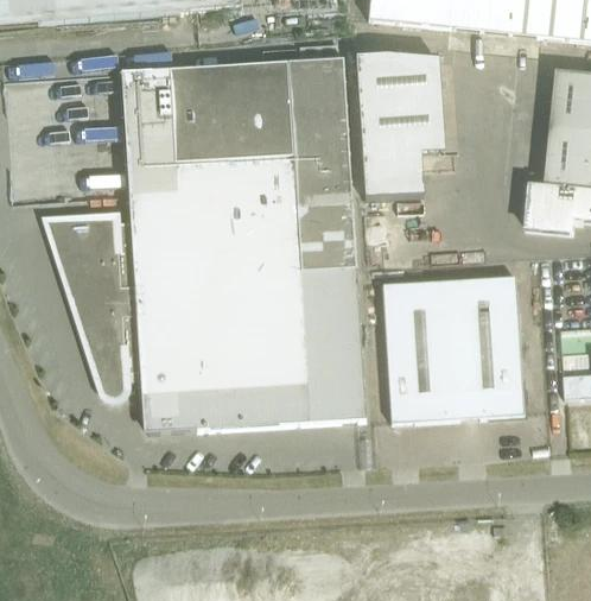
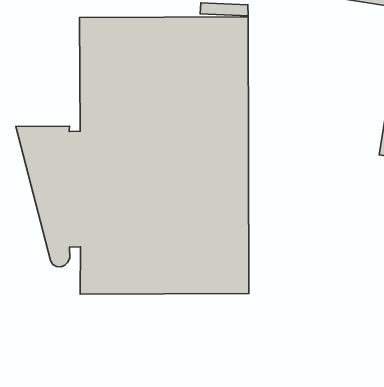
building: [356,53,445,197] -> none
building: [382,274,525,422] -> none

